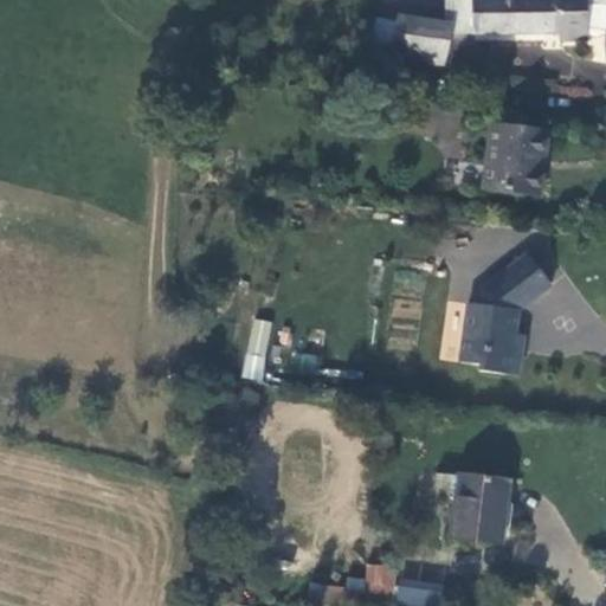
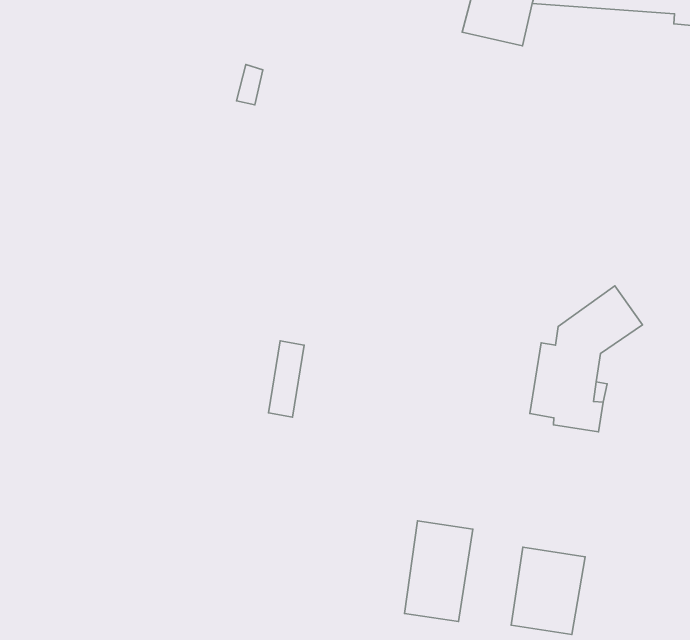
building: [478,124,542,194] -> none
building: none -> [405,521,473,622]

